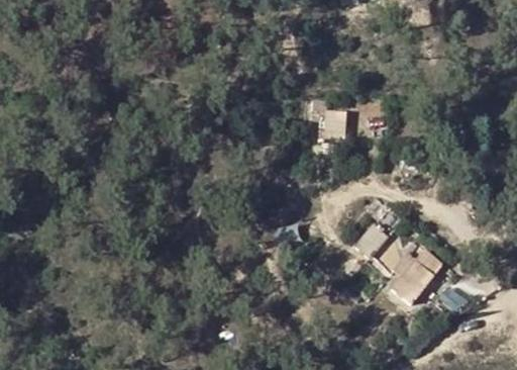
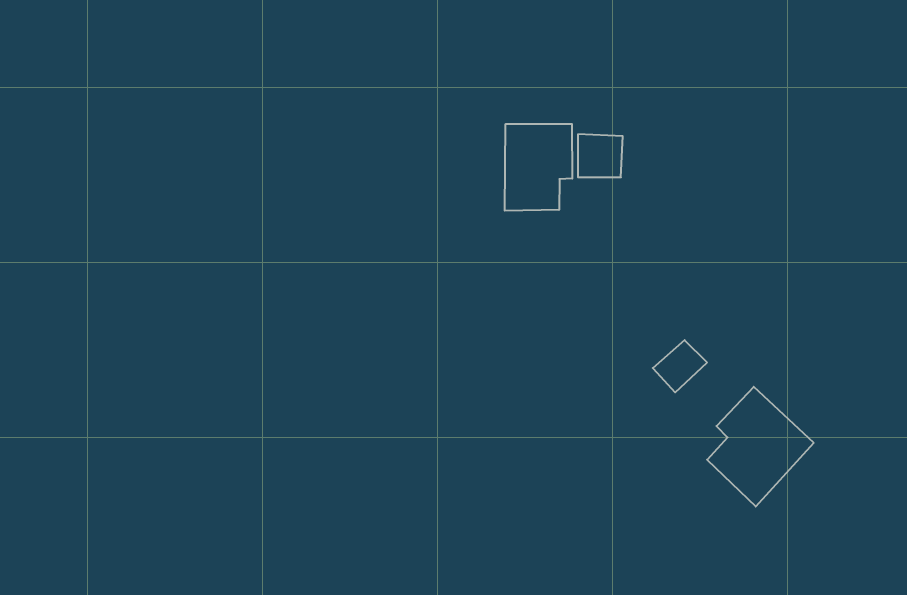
building: none -> [505,124,572,211]

